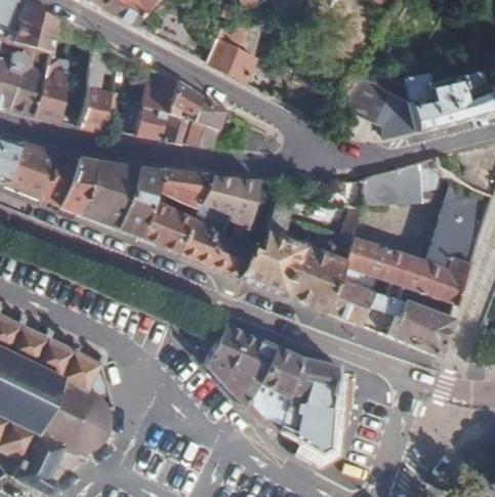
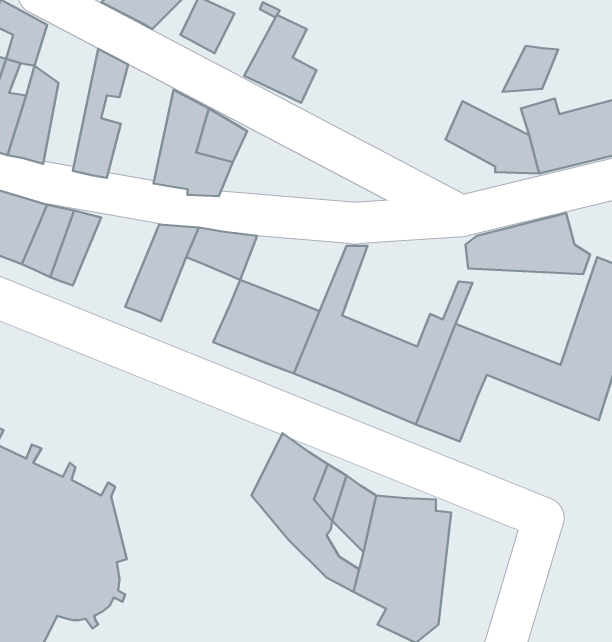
building: none -> [502,46,558,92]
building: [181,98,224,149] -> none
building: [76,161,138,225] -> none
building: [197,174,256,222] -> none
building: [139,190,190,251] -> none
building: [356,289,450,356] -> none

